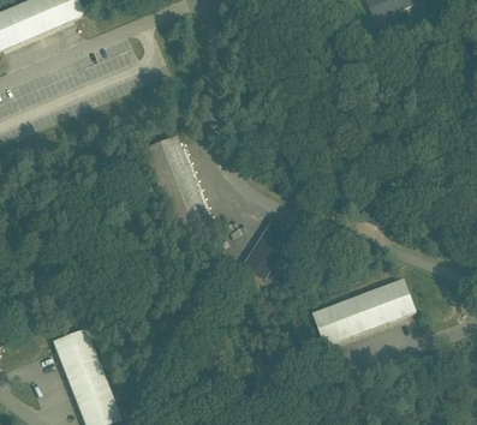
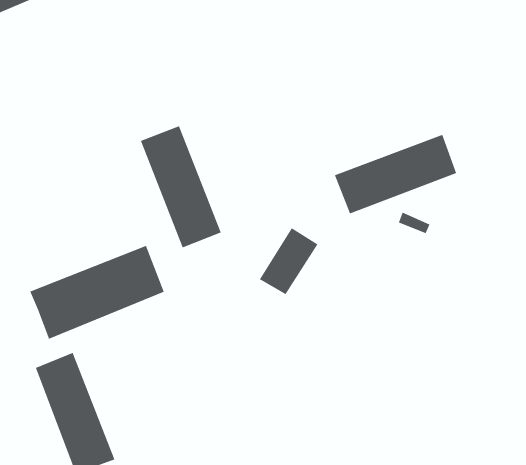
building: none -> [29,245,165,340]
building: [311,277,416,346] -> [334,134,457,215]

